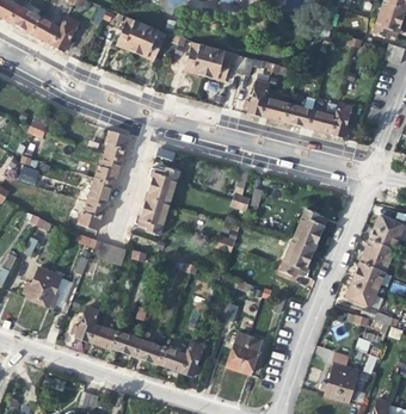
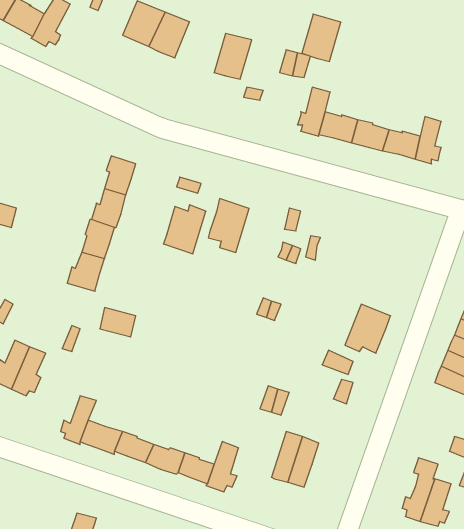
building: [203,47,232,81] -> [302,14,341,61]
building: [139,196,168,235] -> [208,199,249,252]
building: [291,208,325,248] -> none

